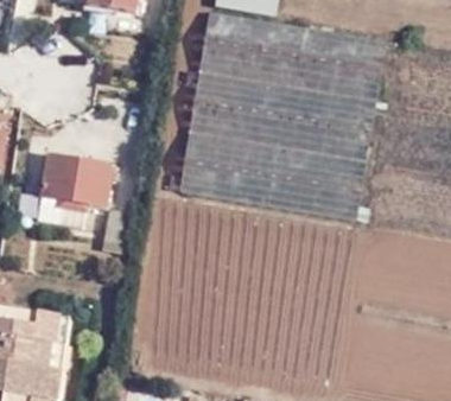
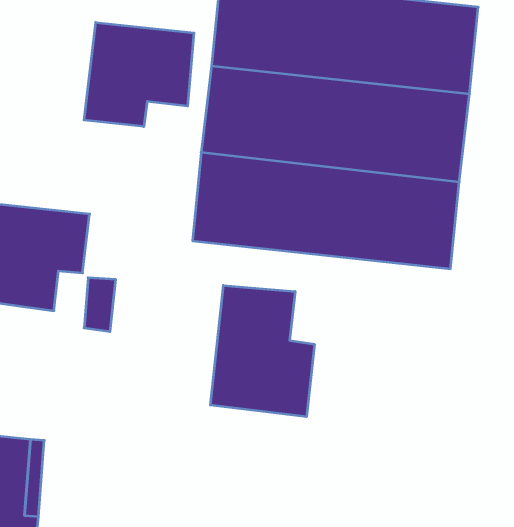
building: none -> [84,22,194,127]
building: none -> [210,285,314,417]

